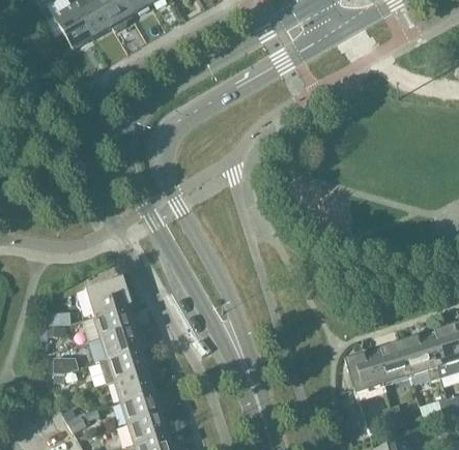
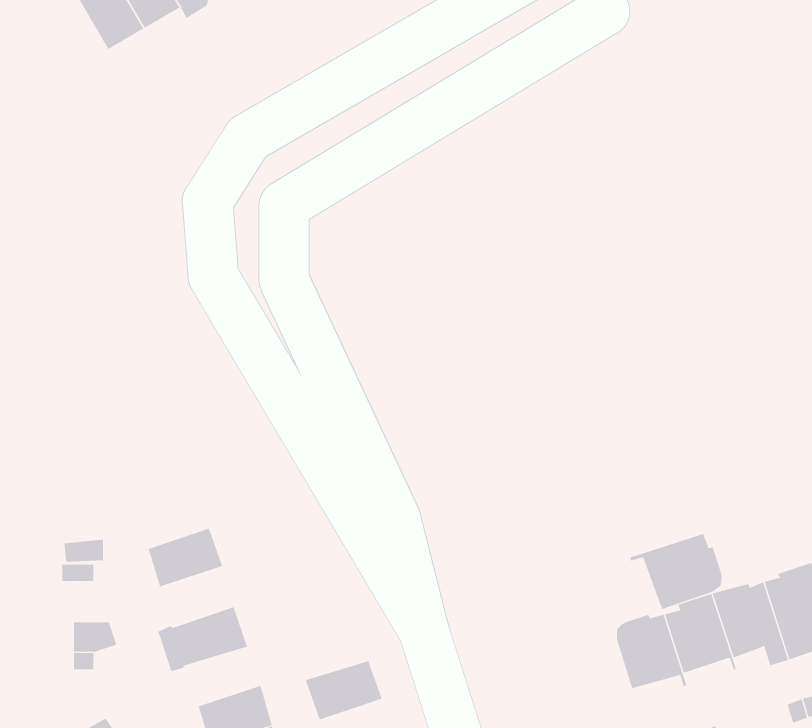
building: [85,282,125,317] -> none
building: none -> [630,533,722,610]
building: [87,326,139,362] -> none
building: [112,369,153,401] -> [306,661,382,720]

